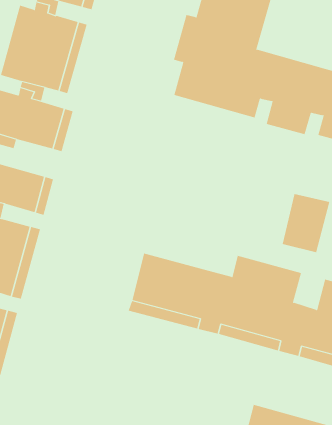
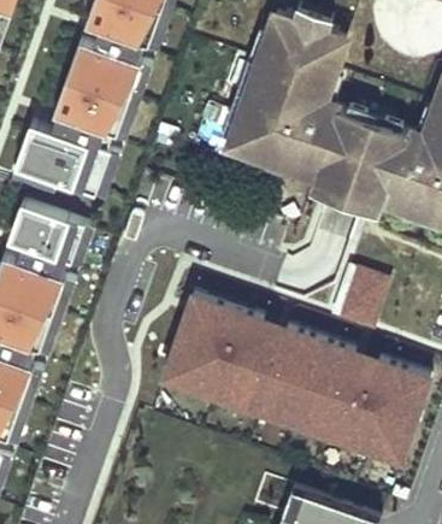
building: none -> [311,159,389,217]
building: none -> [184,294,263,341]

